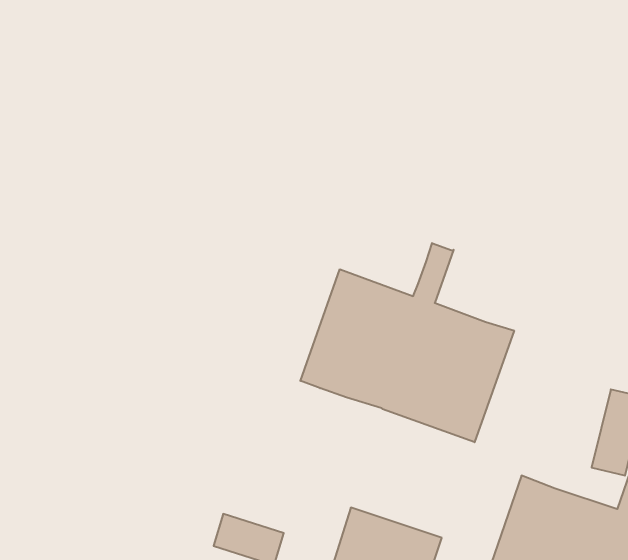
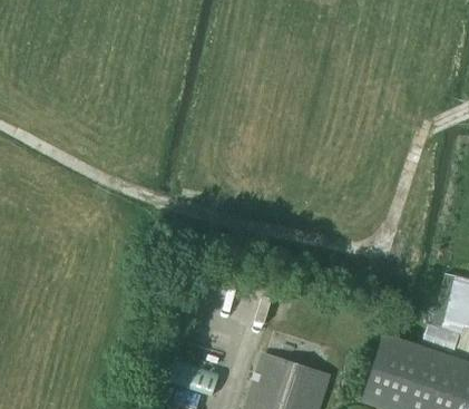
building: [300,243,514,442] -> none

